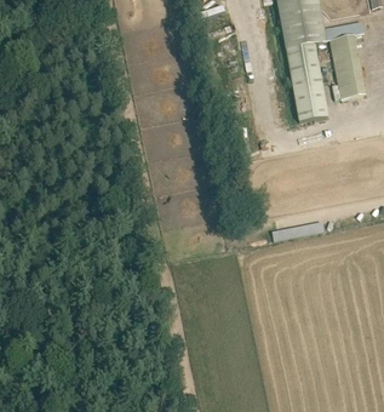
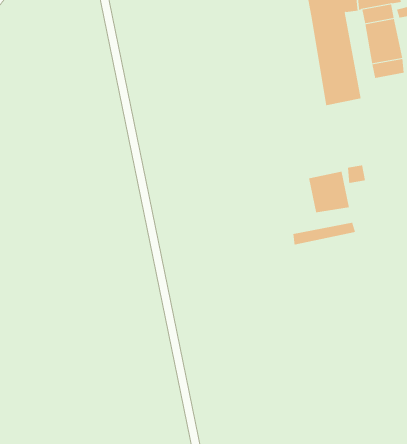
building: none -> [309,171,350,213]

